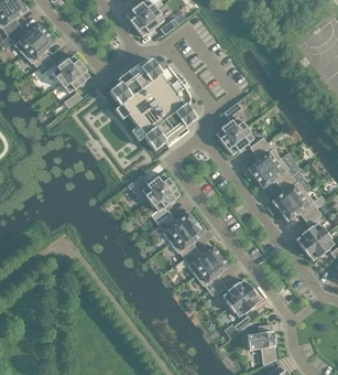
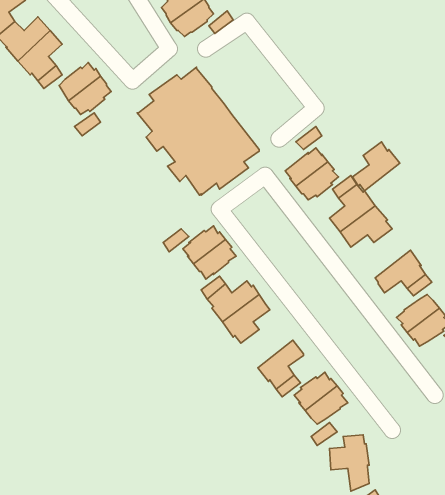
building: [271,175,305,211] -> [352,142,400,191]
building: [183,246,220,276] -> none

